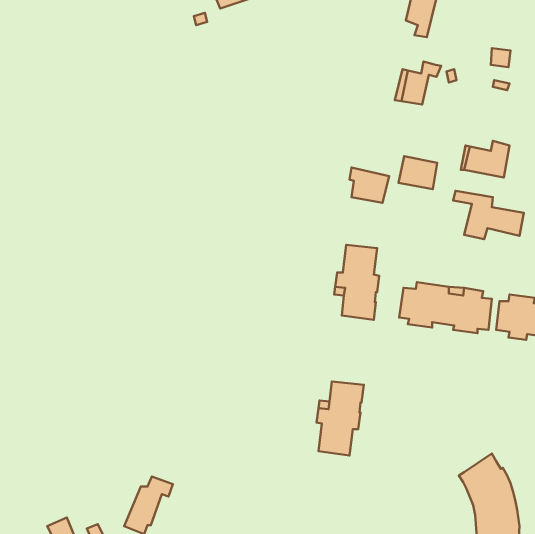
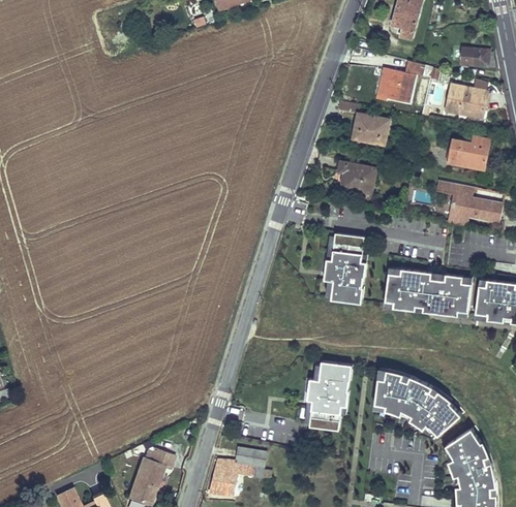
building: none -> [439,84,486,118]
building: [398,156,437,189] -> [352,115,388,146]
building: none -> [374,369,461,439]
building: none -> [208,449,266,496]

